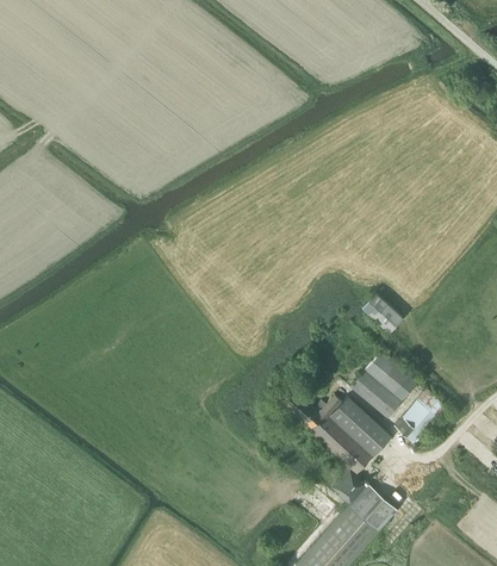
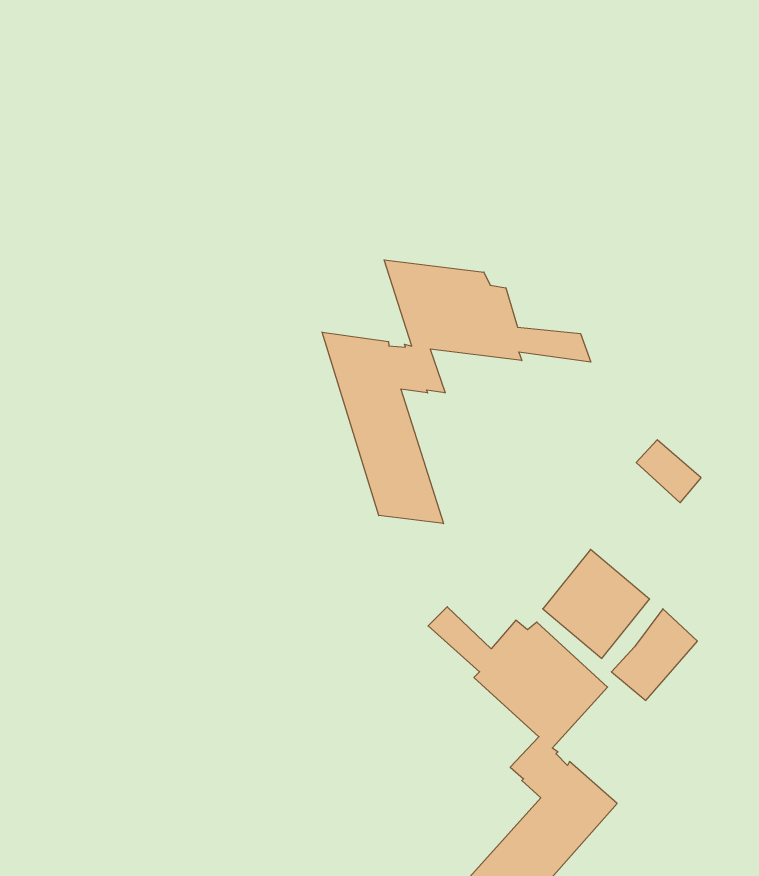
building: none -> [322,260,591,524]
building: [361,292,402,331] -> [636,440,701,503]

